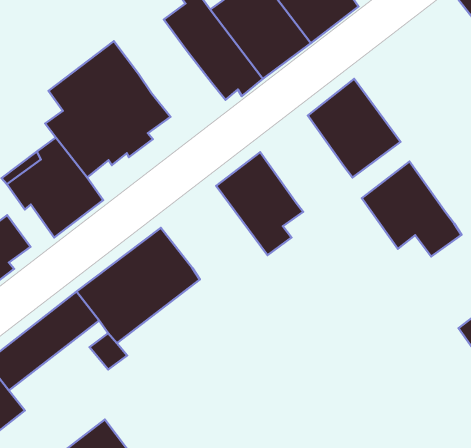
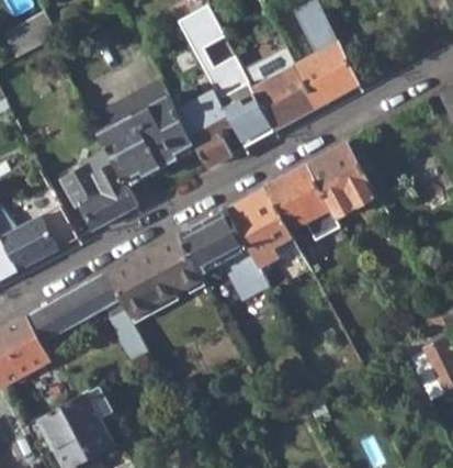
building: none -> [179,96,235,168]
building: [362,161,462,256] -> [264,165,338,242]
building: none -> [178,209,267,302]

